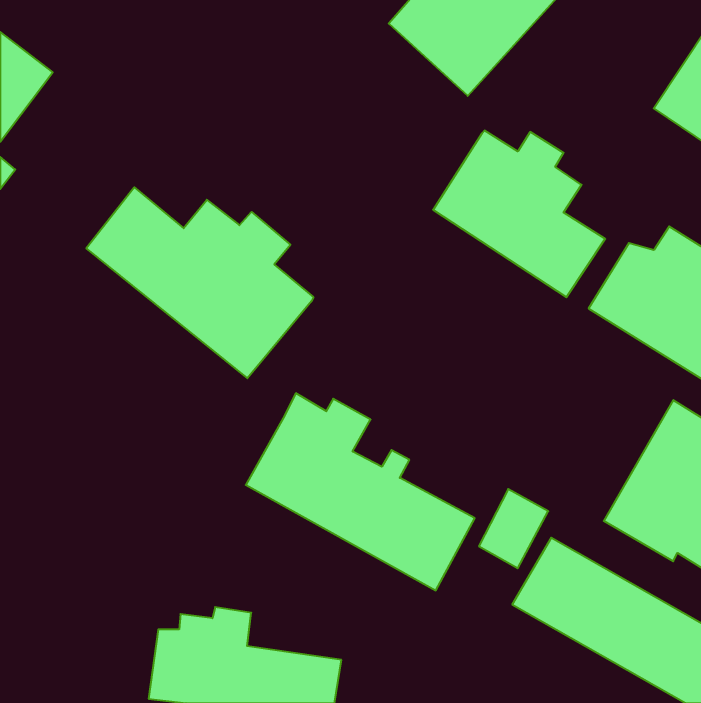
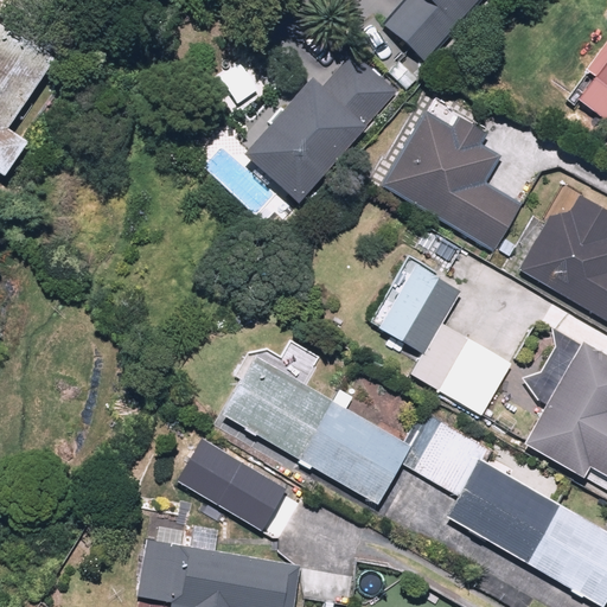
building: none -> [239,47,398,207]
building: [86,187,313,378] -> none
building: none -> [376,260,513,418]
building: none -> [205,447,307,541]

